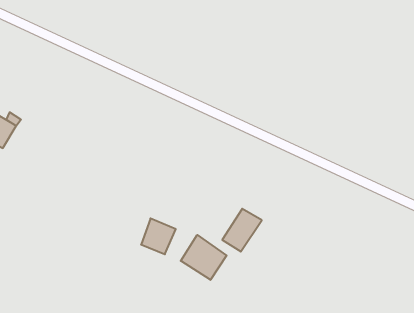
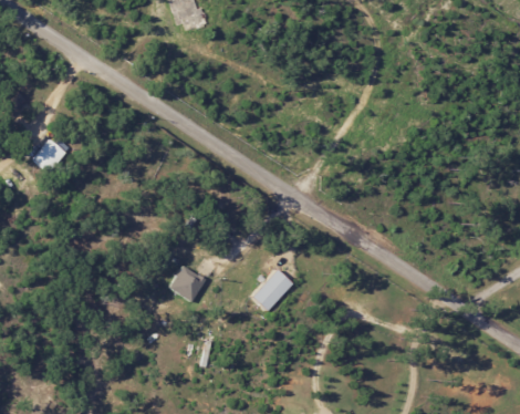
building: [181,235,227,280] -> none

